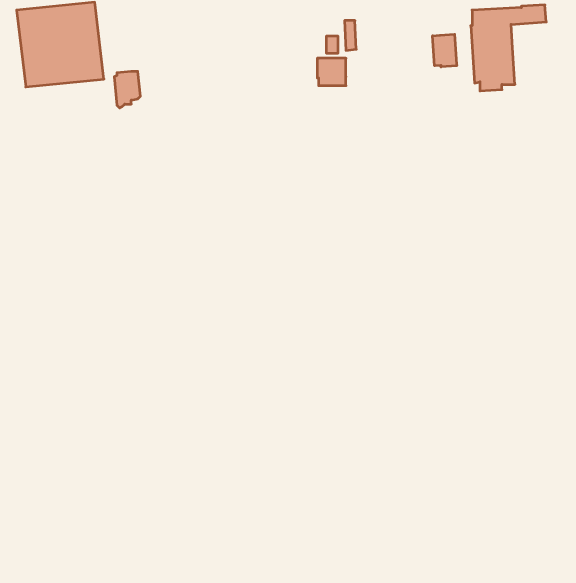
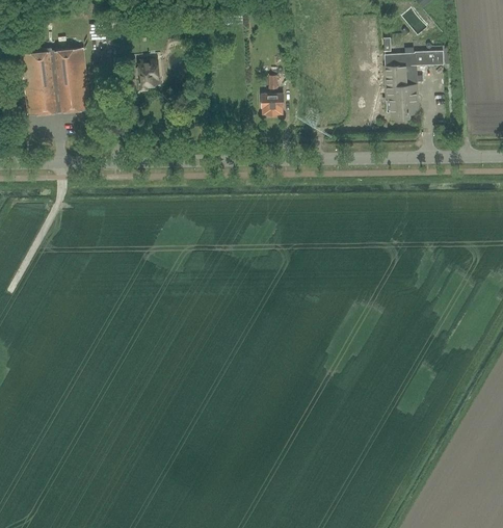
building: [433,34,457,67] -> none
building: [114,71,140,108] -> [138,59,159,88]

